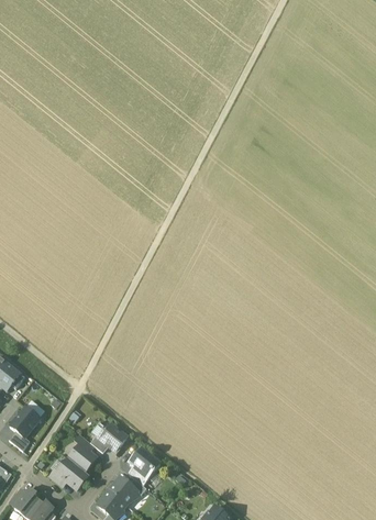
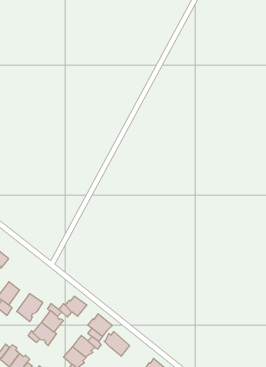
building: none -> [17,293,43,322]
building: none -> [104,331,130,356]

